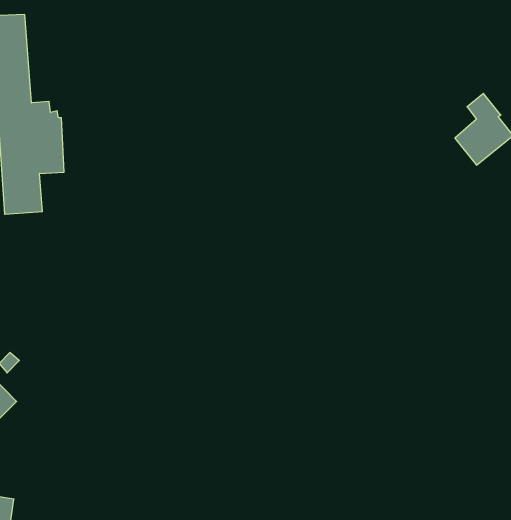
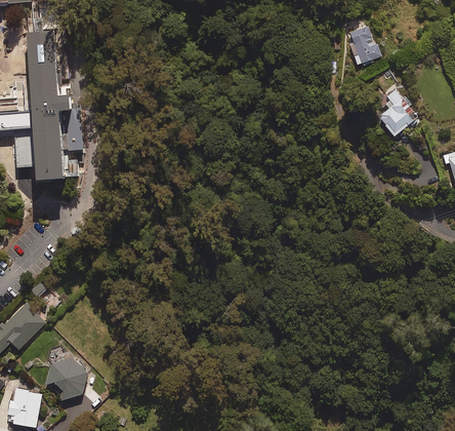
building: none -> [345,26,381,66]
building: none -> [47,359,89,402]

